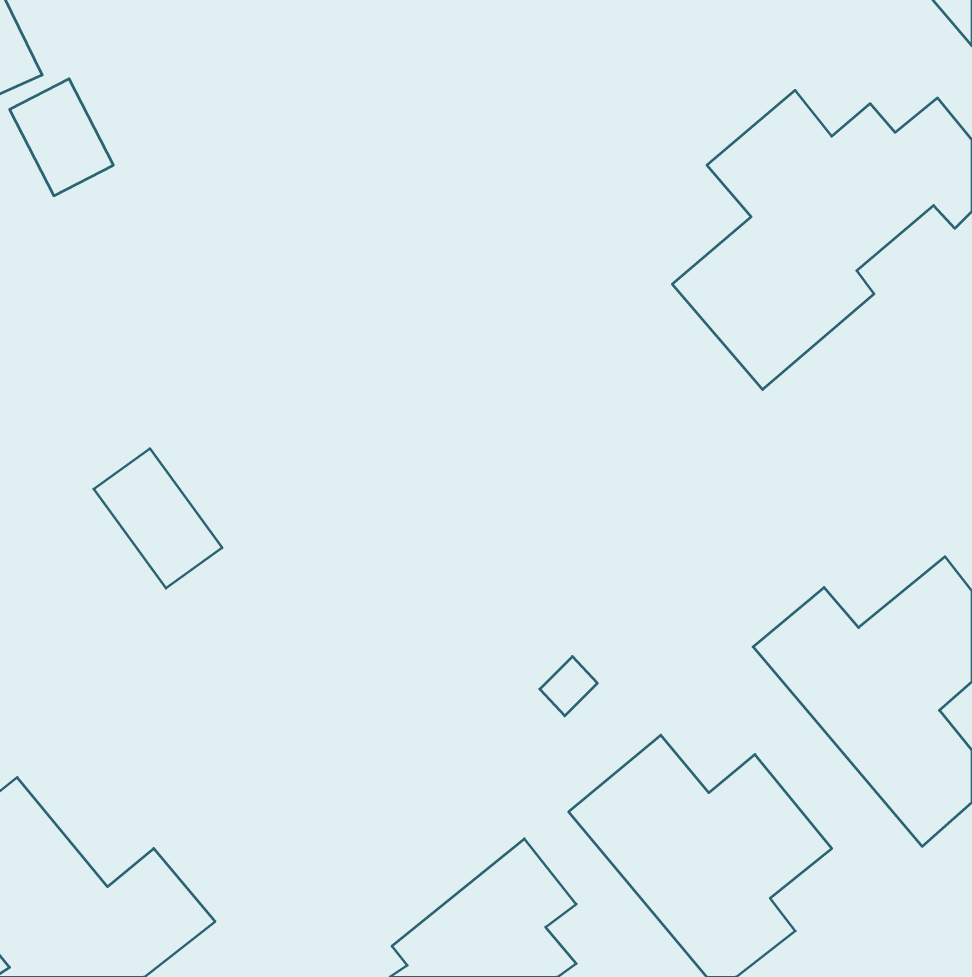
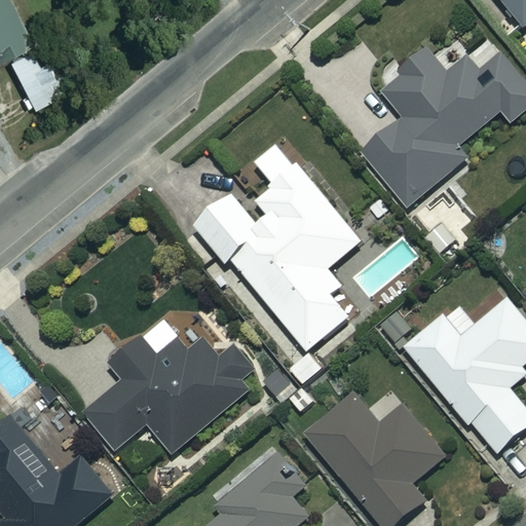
building: none -> [193,163,360,349]
building: [94,449,222,588] -> none
building: none -> [80,315,256,455]

